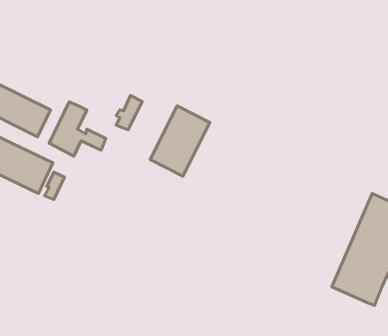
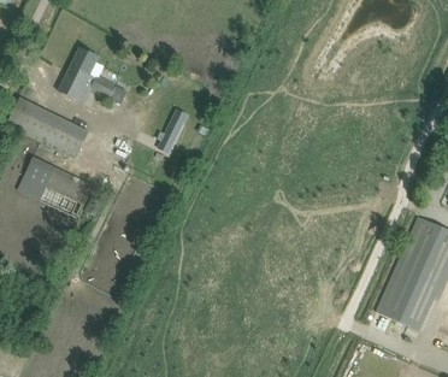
building: [49,102,106,156] -> [59,47,117,102]
building: [150,106,210,176] -> none

